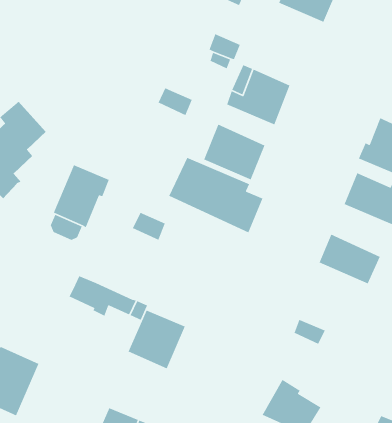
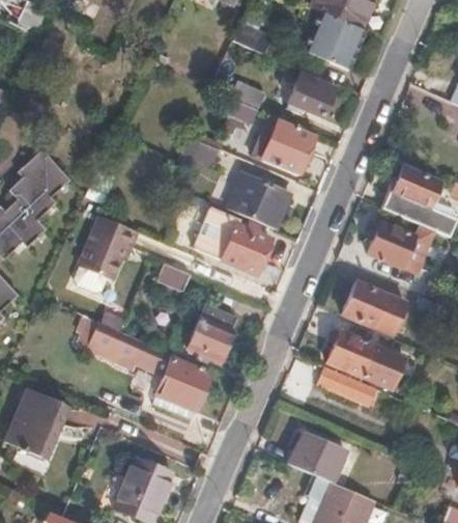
building: none -> [288,71,336,115]
building: none -> [189,305,234,360]
building: none -> [326,327,408,389]

